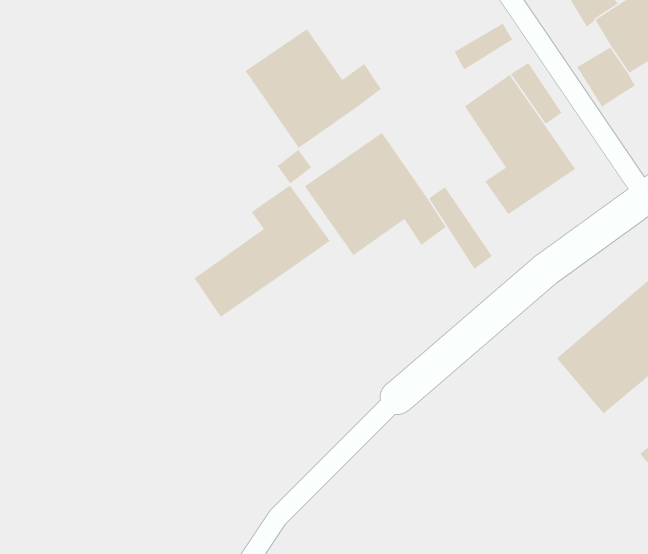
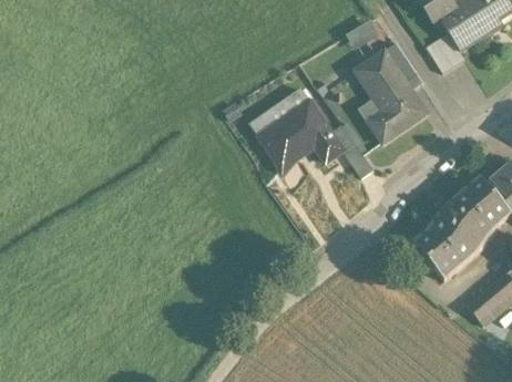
building: [244,28,382,149] -> none
building: [194,184,331,318] -> none

